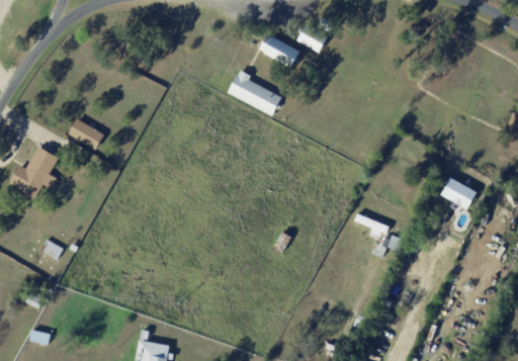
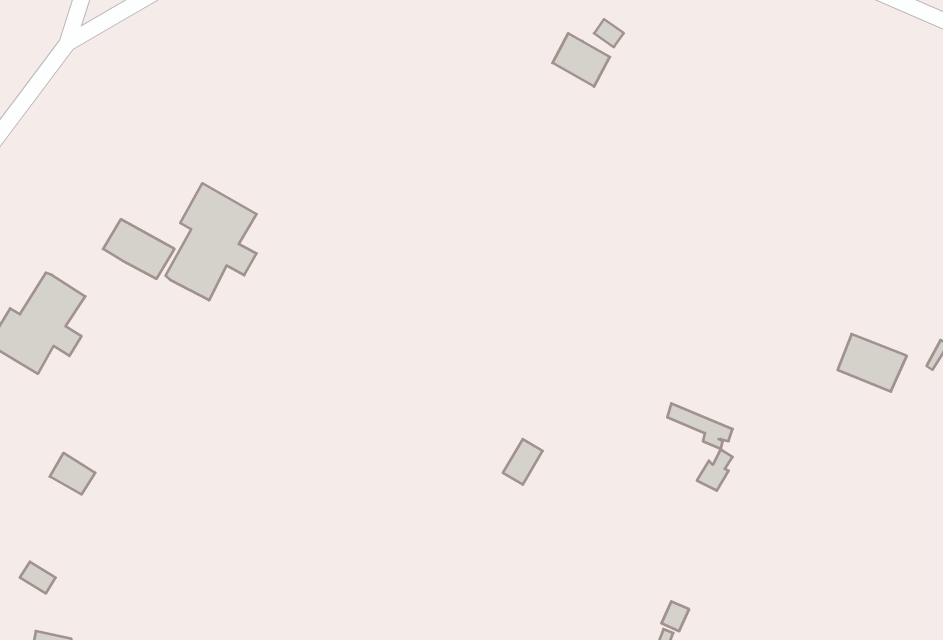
building: [260,34,299,66] -> none
building: [227,71,280,115] -> none
building: none -> [166,183,257,300]

